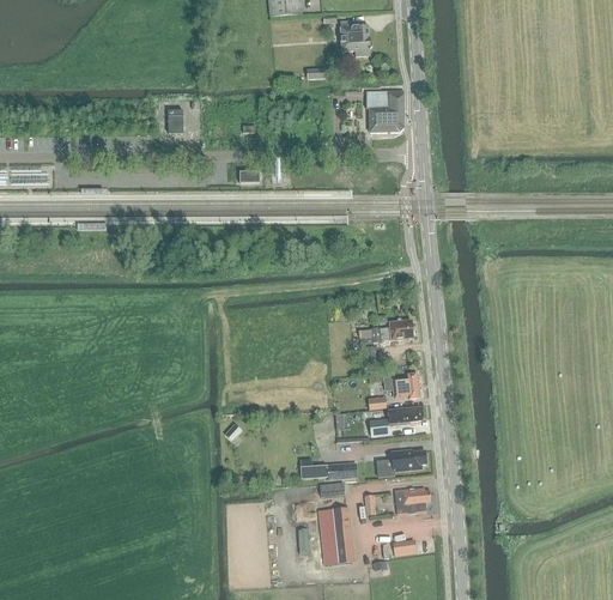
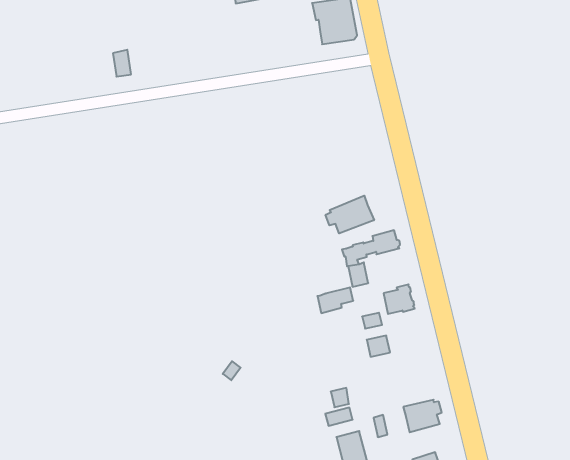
building: none -> [326,196,374,233]
building: [387,406,420,426] -> [317,287,353,313]
building: [381,449,425,471] -> none

